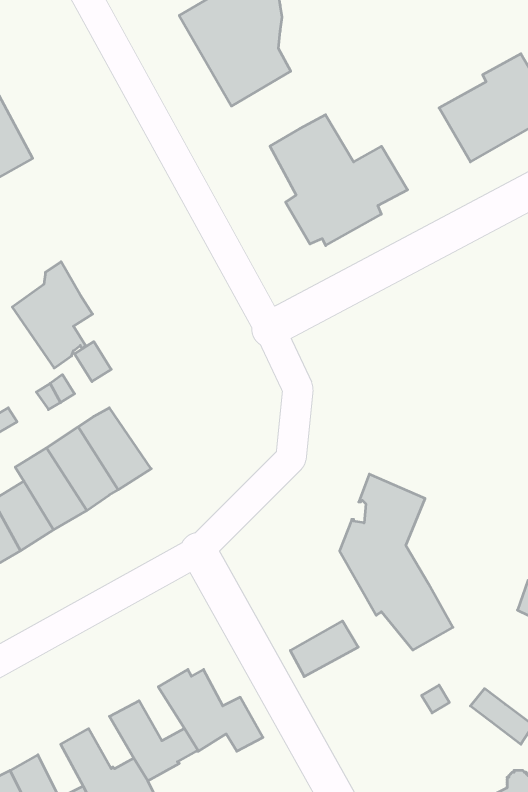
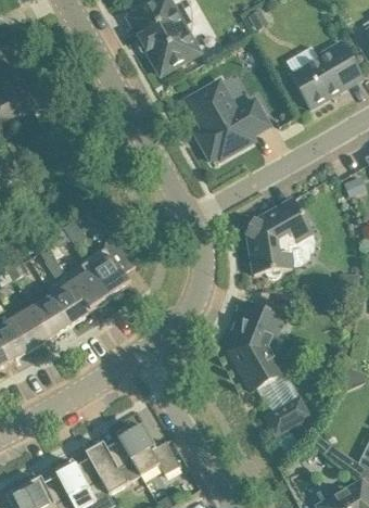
building: [12,262,93,368] -> [86,232,136,299]
building: none -> [246,198,314,276]
building: [290,621,358,677] -> [267,397,309,432]

